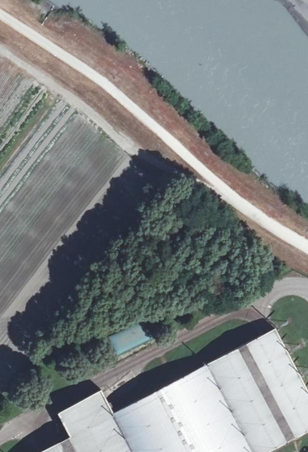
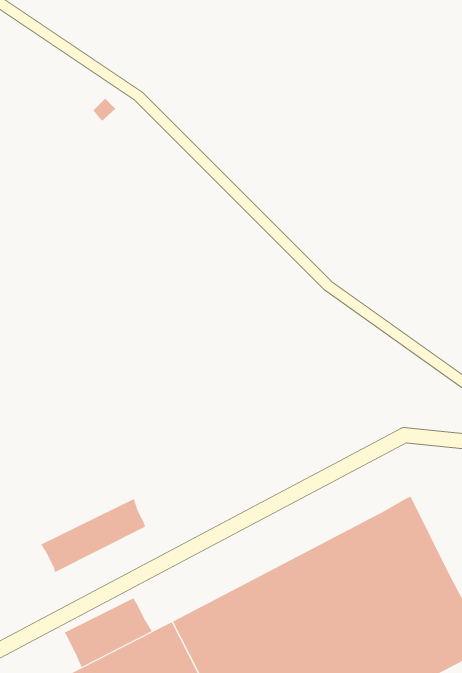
building: none -> [41,498,146,573]

